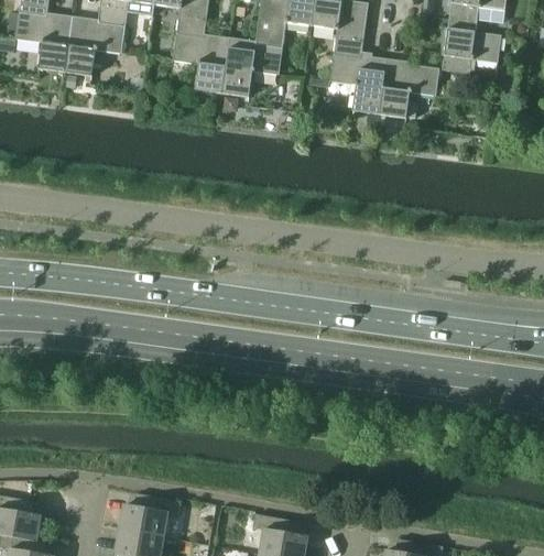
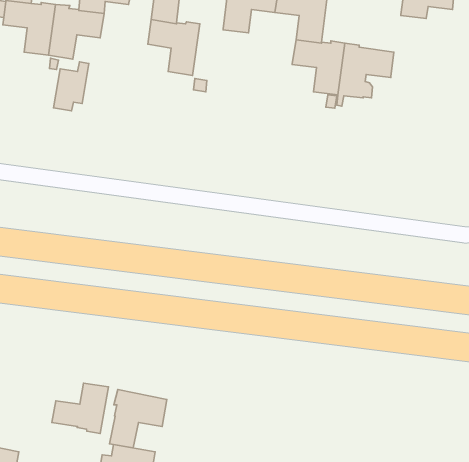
building: [439,29,501,75] -> none
building: [221,39,282,98] -> none
building: none -> [54,62,89,111]
building: none -> [52,383,108,433]
building: none -> [109,390,167,448]

